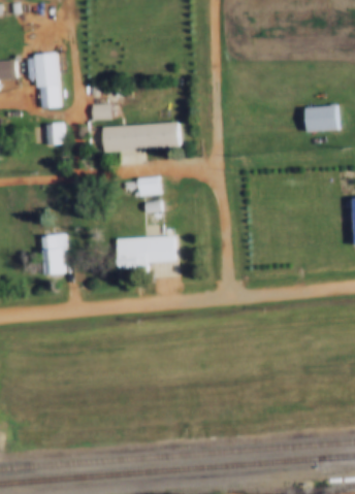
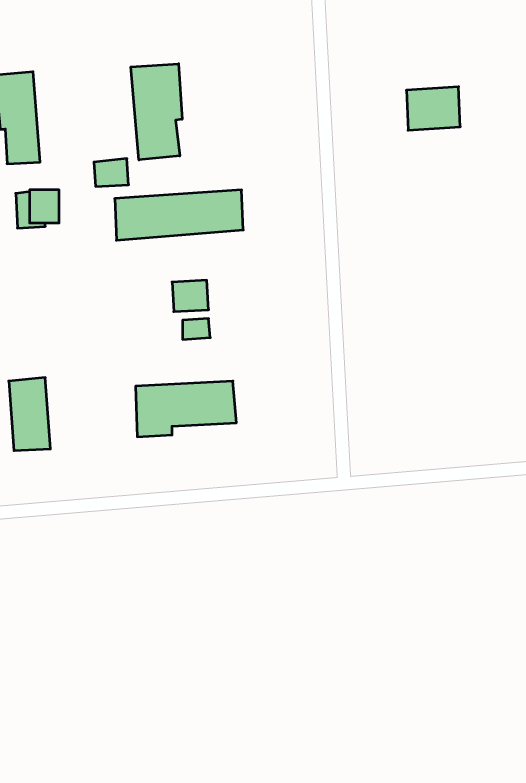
building: none -> [131,64,182,160]
building: [308,106,340,132] -> [406,87,460,130]

